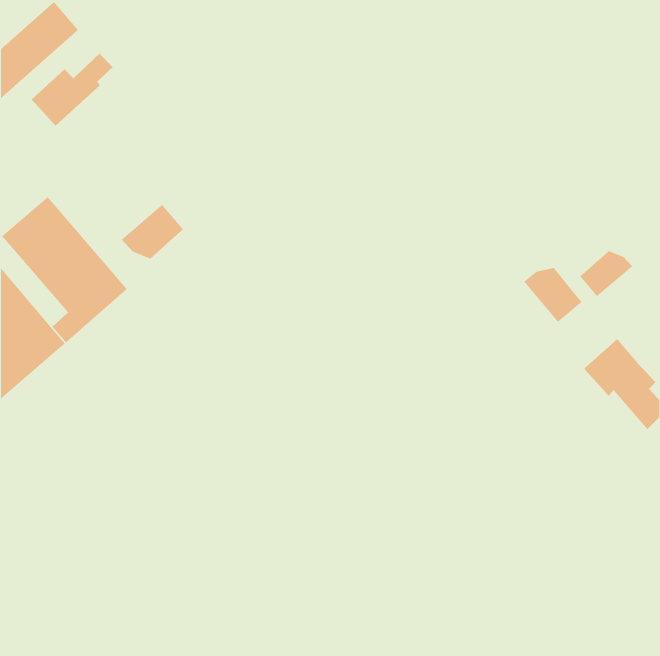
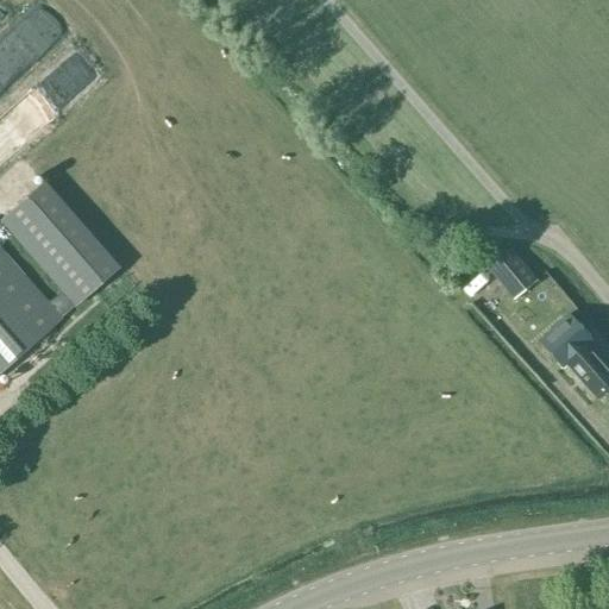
building: [121,204,184,259] -> none
building: [579,250,633,297] -> none

